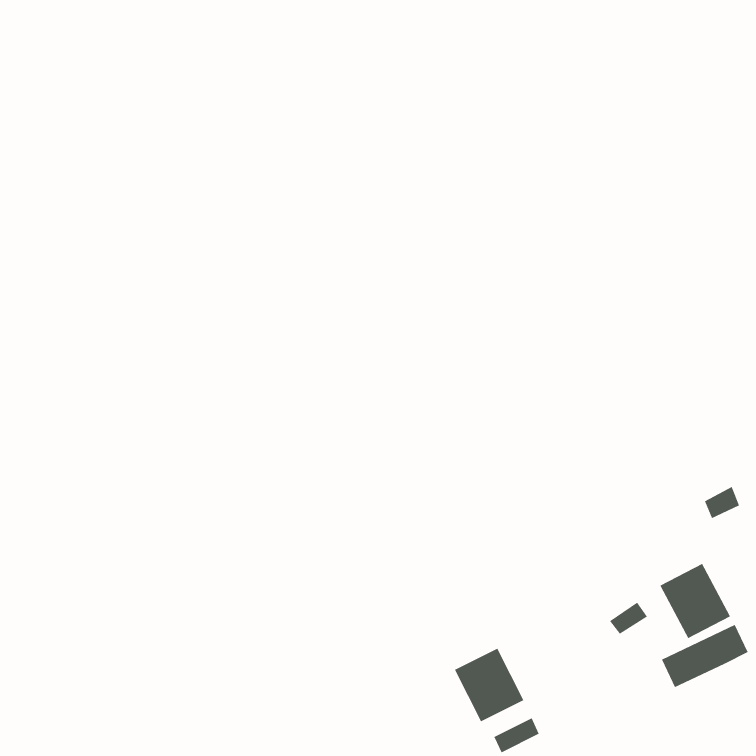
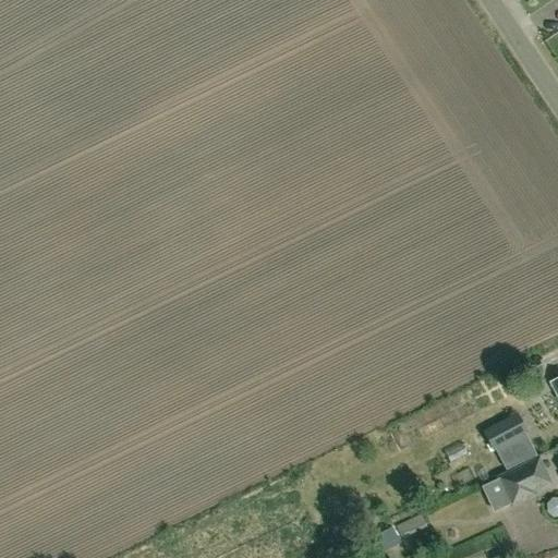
building: [454,648,524,722] -> none

